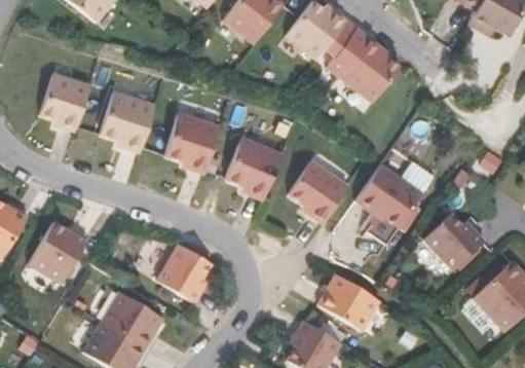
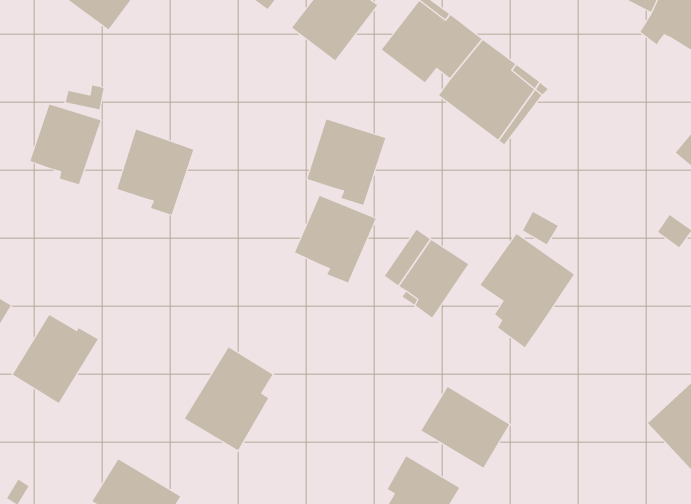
building: [165,113,221,174] -> [307,119,386,206]
building: [422,214,483,270] -> none
building: [102,291,163,348] -> none

